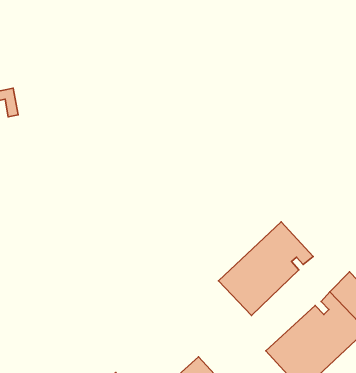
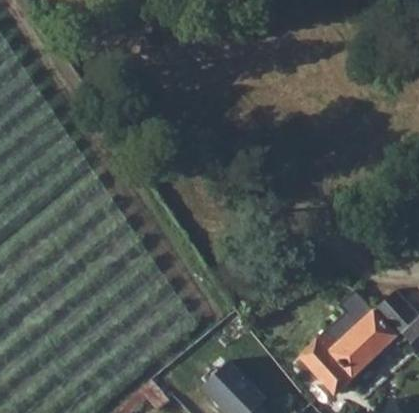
building: [218,222,313,315] -> none

